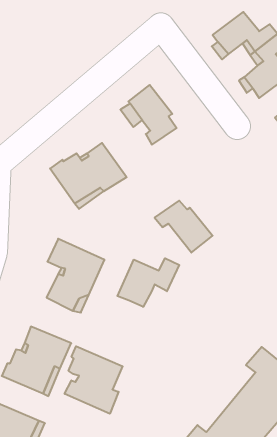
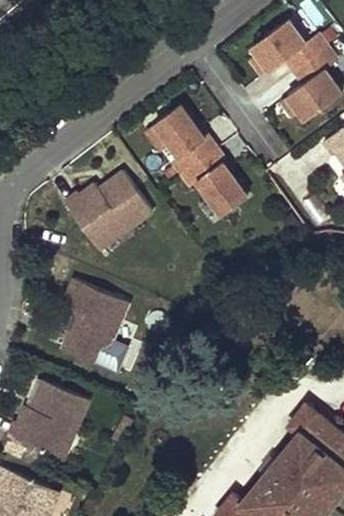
building: [155,201,213,253] -> [182,153,248,213]
building: [117,258,179,307] -> none
building: [65,346,123,414] -> none

